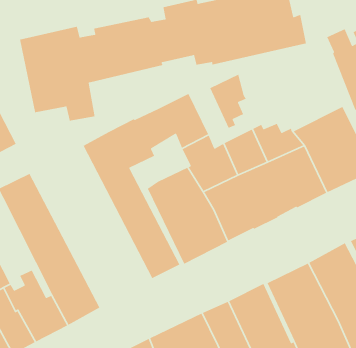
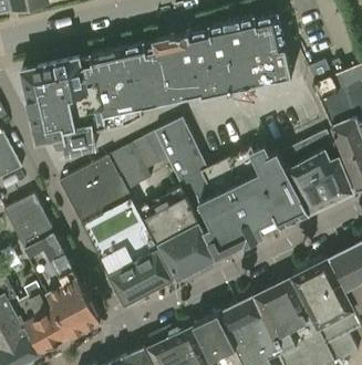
building: [209,73,247,129] -> none
building: none -> [58,169,146,306]

